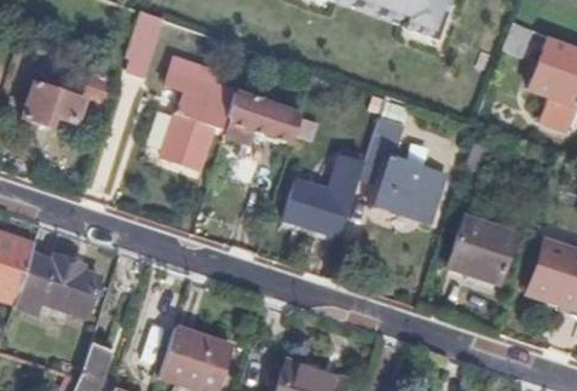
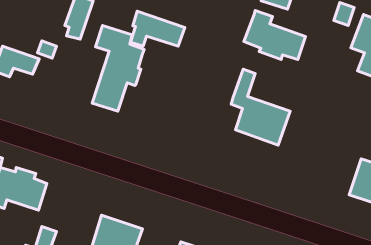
building: none -> [244,11,306,59]
building: [225,94,302,144] -> [130,11,185,46]
building: [283,149,363,235] -> none
building: [446,229,510,284] -> none

